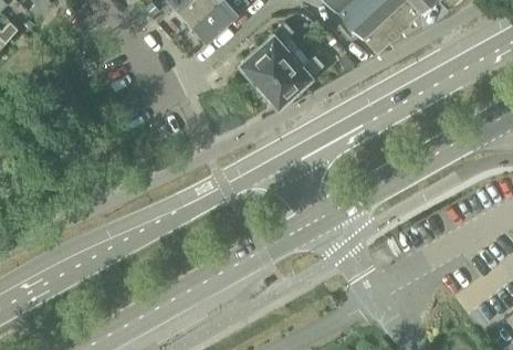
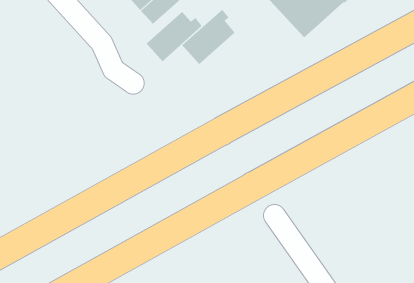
building: [259,47,323,105] -> [146,11,203,62]

